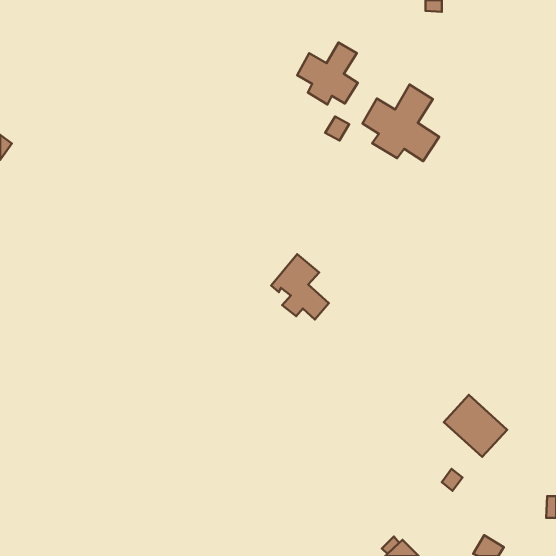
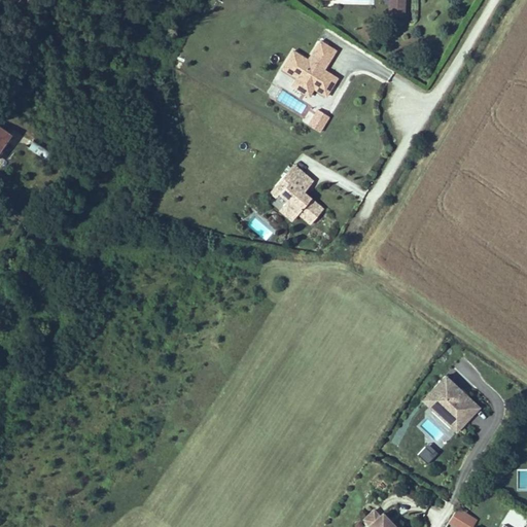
building: [363,85,439,161] -> none
building: [271,254,329,319] -> [269,164,323,225]

